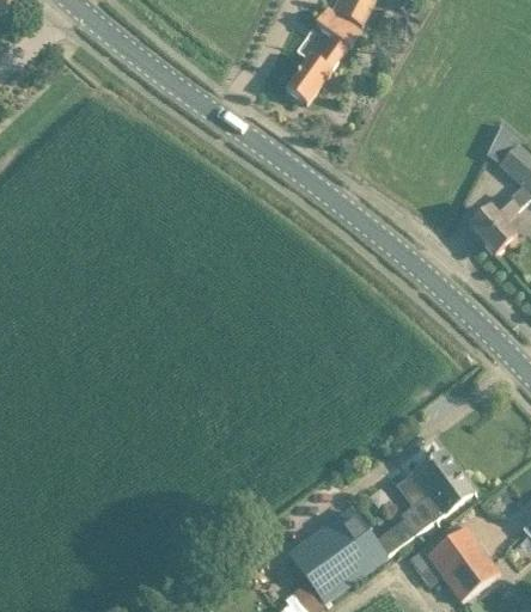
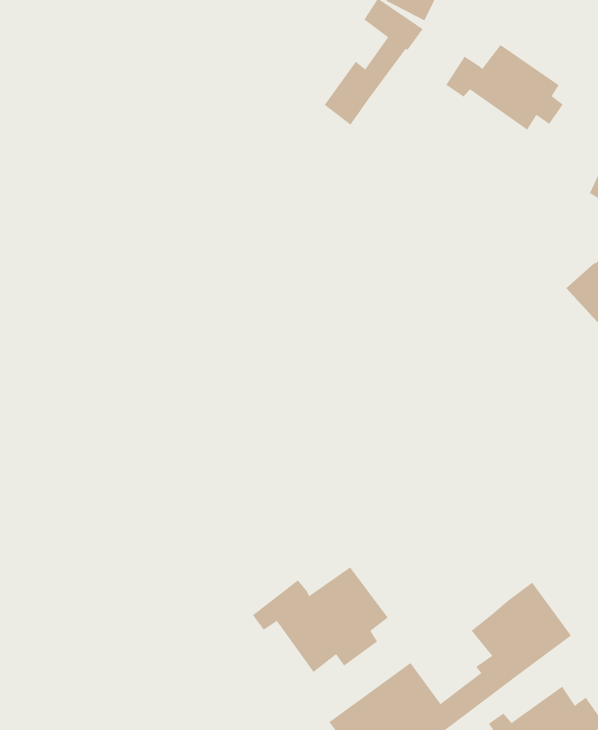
building: none -> [446,44,564,131]
building: none -> [252,567,388,673]

